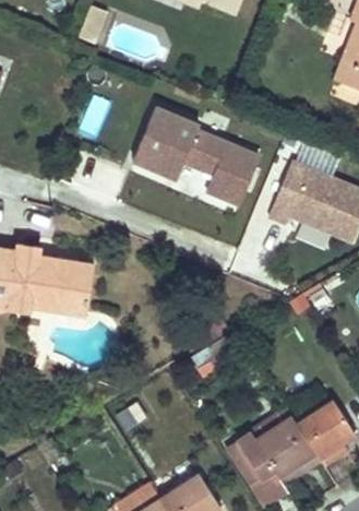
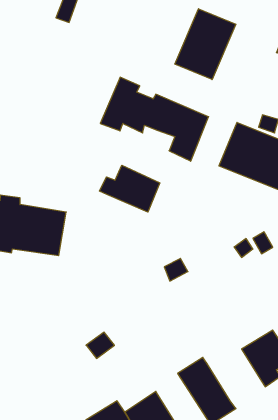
building: none -> [175,9,236,80]
building: none -> [99,165,160,212]
building: [255,416,319,483] -> none

